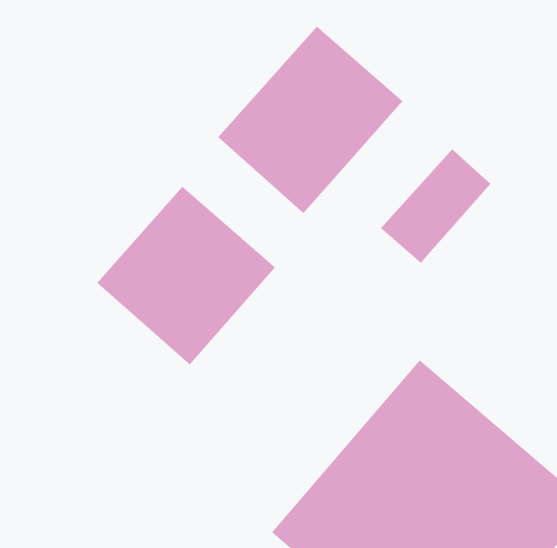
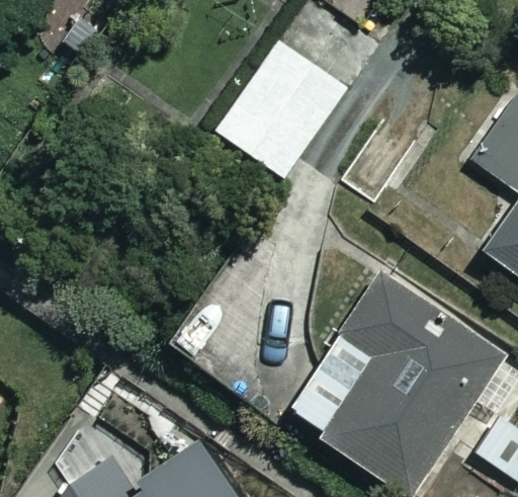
building: [96,186,276,365] -> none

